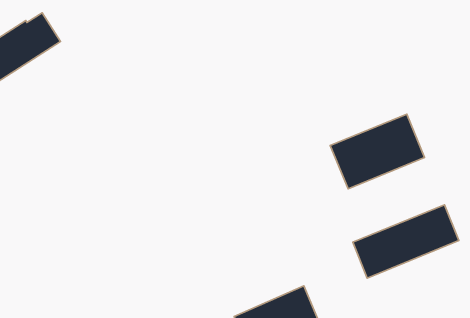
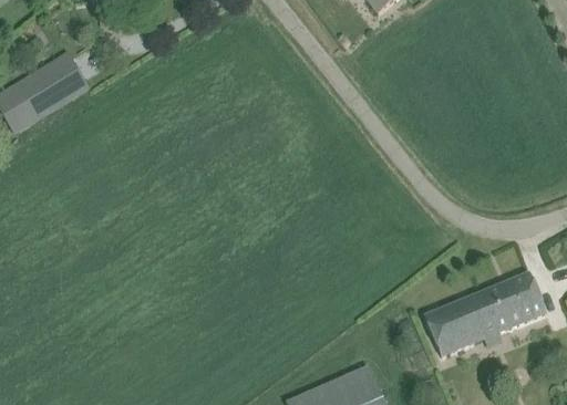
building: [330,114,425,189] -> none

